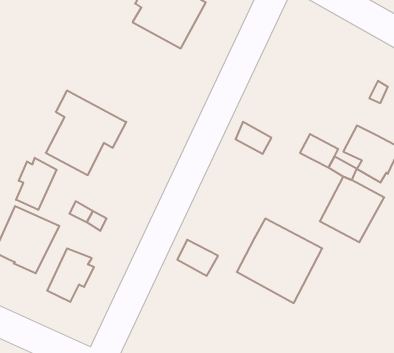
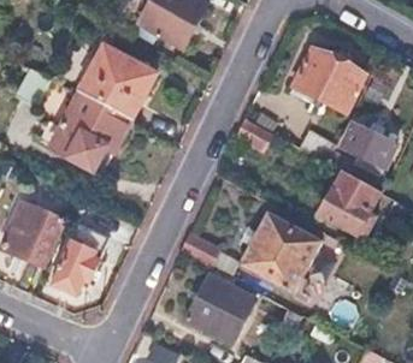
building: none -> [79,47,154,119]
building: none -> [293,49,365,114]
building: [16,158,57,210] -> none
building: none -> [184,269,247,333]

